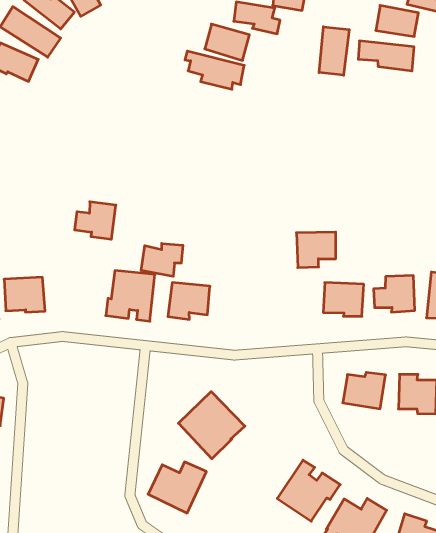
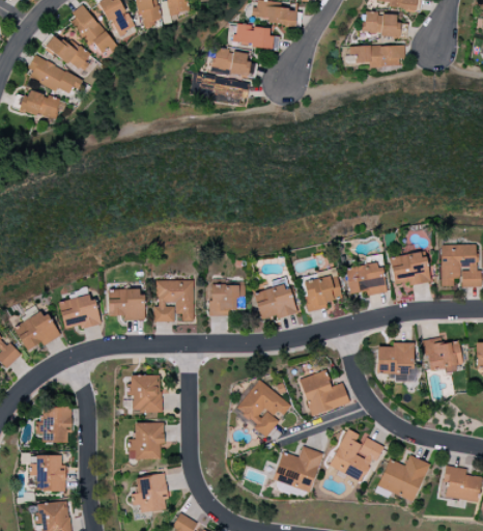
building: [319,27,349,75] -> none
building: [75,202,116,239] -> [108,288,142,319]
building: [296,232,336,268] -> [303,275,341,311]
building: [141,243,183,276] -> none
building: none -> [254,284,296,319]
building: none -> [130,374,160,412]
building: none -> [299,370,349,416]
building: none -> [127,422,164,459]
building: [148,462,206,513] -> [273,446,322,492]
building: none -> [131,474,167,512]

